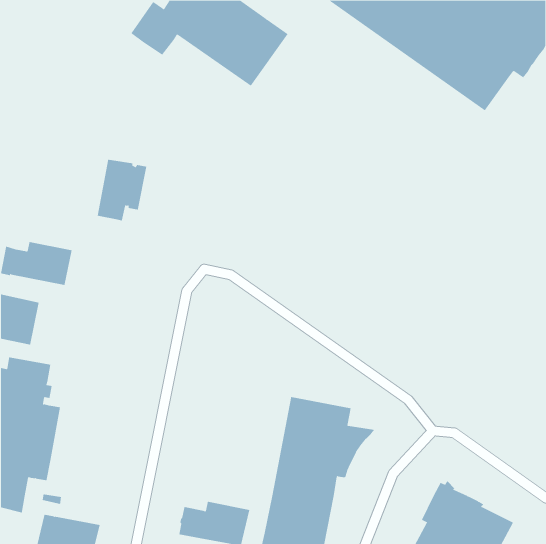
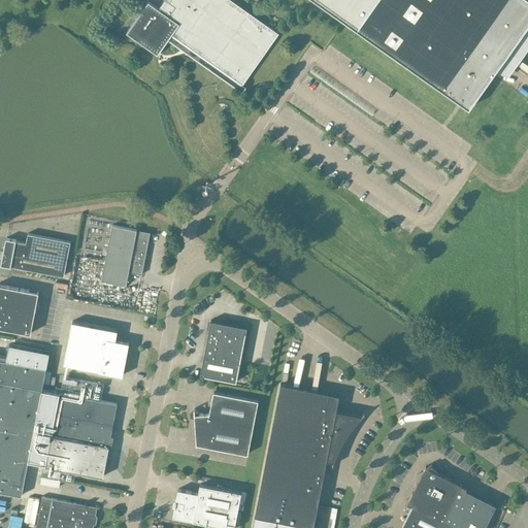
building: [97,159,147,221] -> [101,227,150,287]
building: none -> [200,322,246,384]
building: none -> [63,323,128,377]
building: none -> [194,393,258,456]
building: none -> [45,394,117,478]

